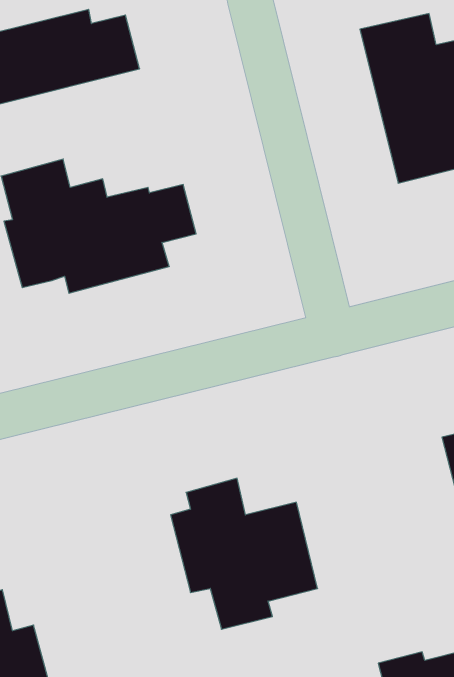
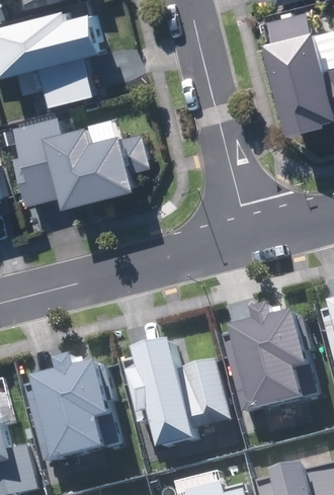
building: none -> [41,61,96,104]
building: none -> [223,307,317,413]
building: none -> [25,357,120,464]

